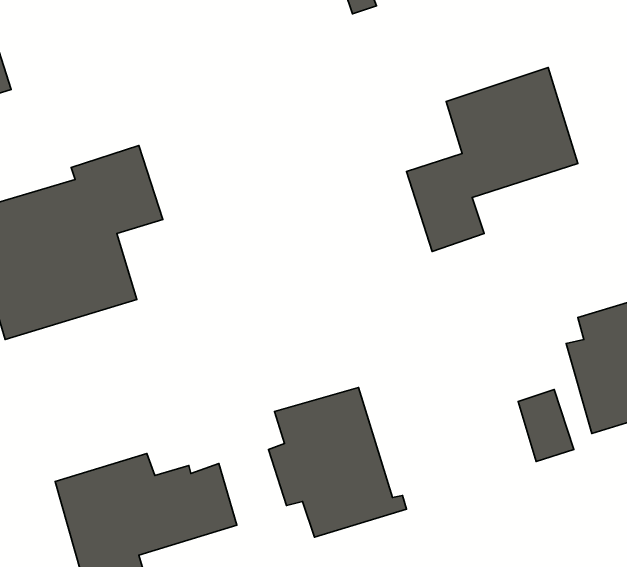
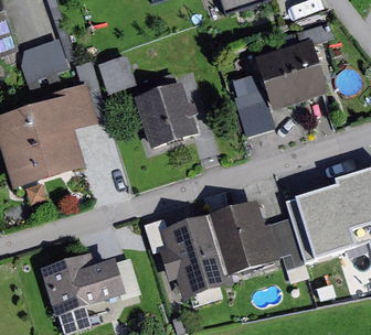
building: none -> [22,37,68,82]
building: none -> [96,53,132,93]
building: none -> [134,80,199,148]
building: none -> [208,199,305,275]

